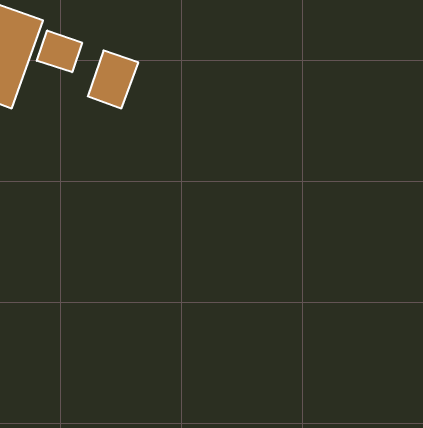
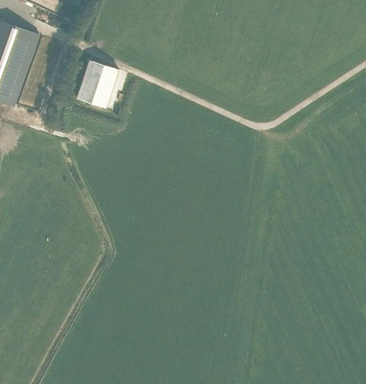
building: [37,30,82,72] -> none

